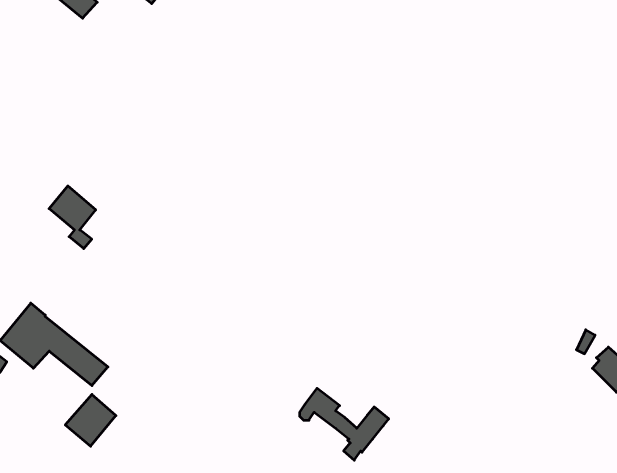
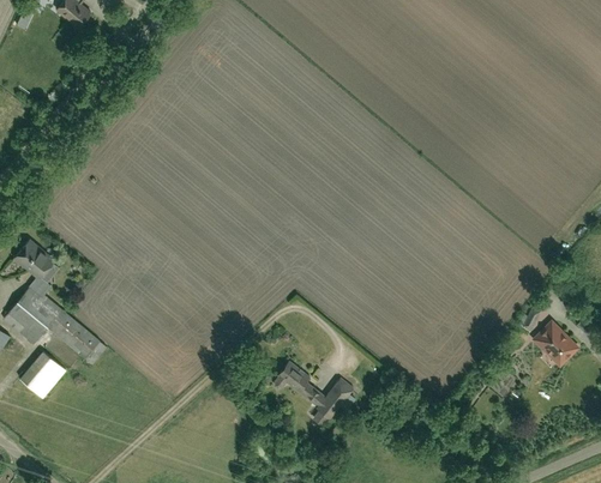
building: [49,186,96,249] -> [13,239,55,295]
building: [65,394,116,446] -> [19,351,65,398]

